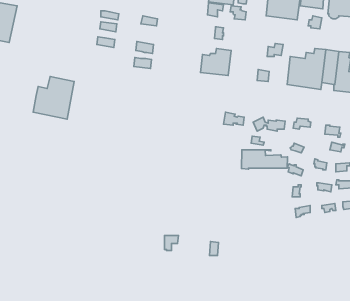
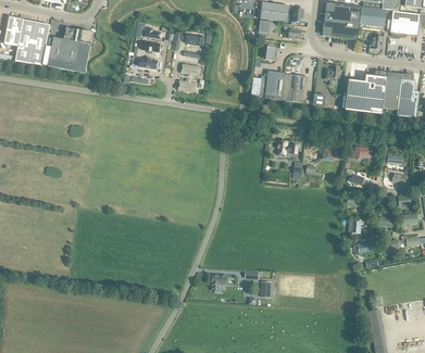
building: none -> [282,73,301,101]
building: [33,77,74,119] -> [48,25,92,72]
building: [242,150,287,169] -> none

